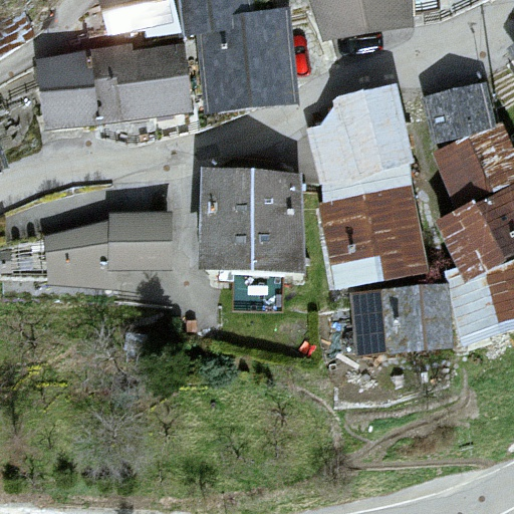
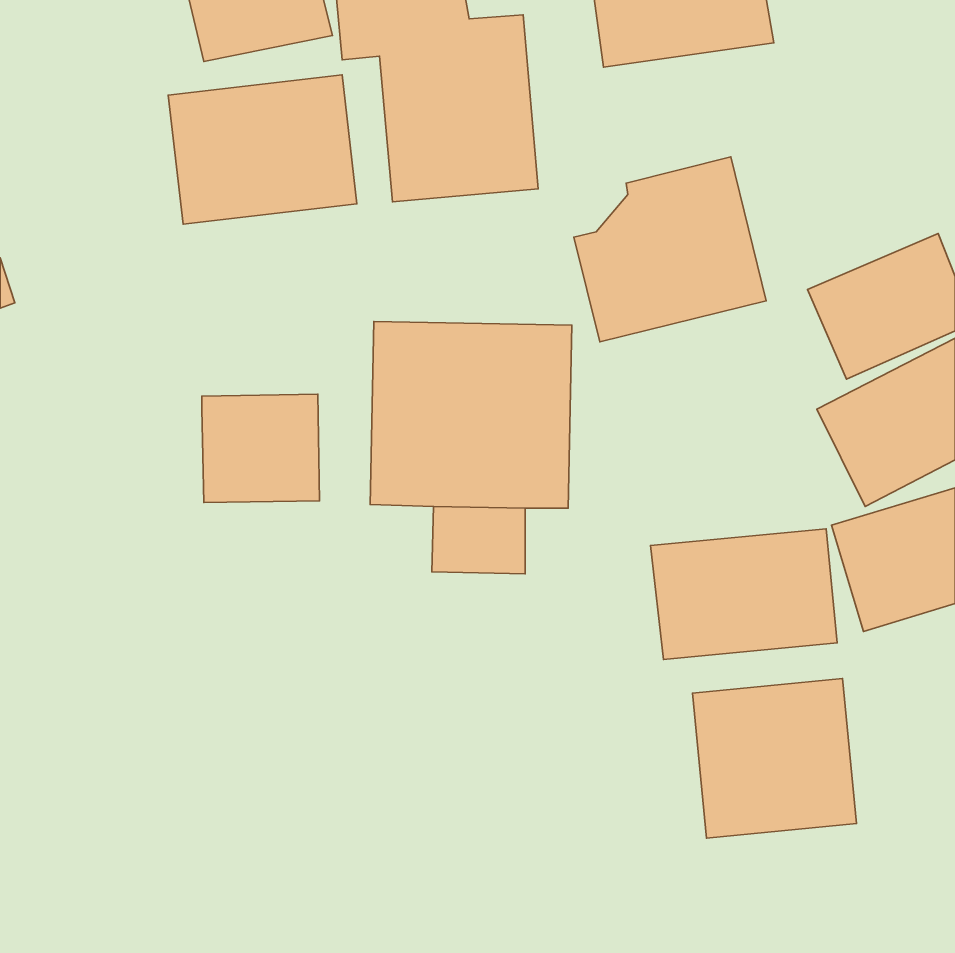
building: [36,51,98,126] -> none
building: [422,83,499,145] -> none
building: [319,185,429,285] -> none
building: [48,220,109,286] -> none
building: none -> [692,678,857,838]

